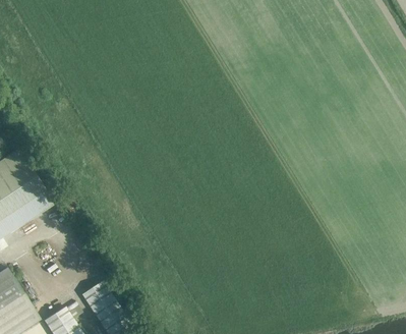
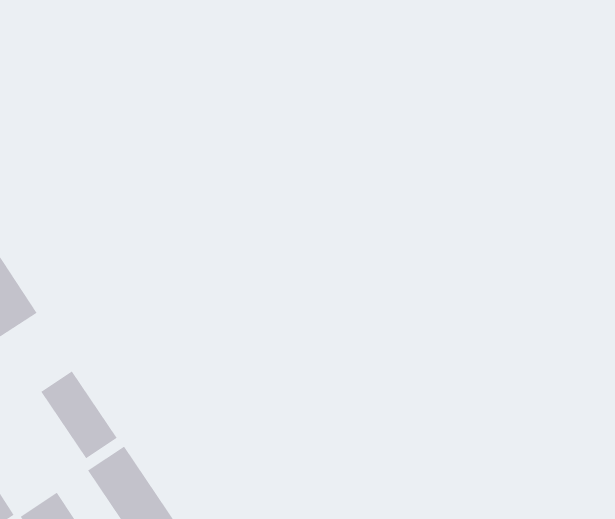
building: none -> [40,370,118,459]

